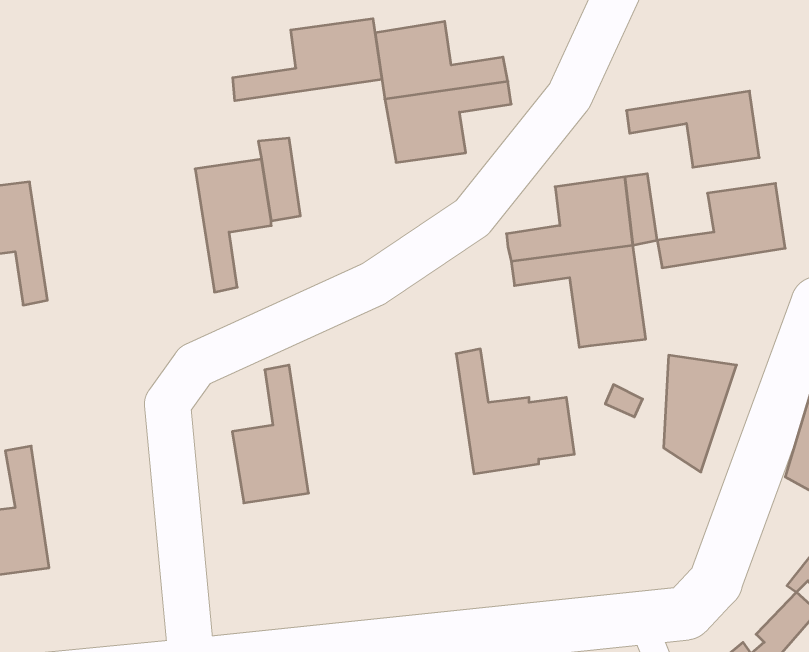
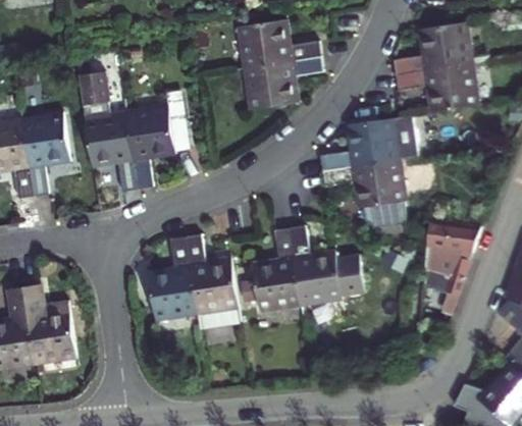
building: [233,19,382,101] -> none
building: none -> [79,74,138,192]
building: none -> [21,114,68,195]
building: [657,183,785,268] -> [394,22,474,75]
building: none -> [252,228,301,310]
building: none -> [185,233,241,332]
building: none -> [22,284,76,363]

